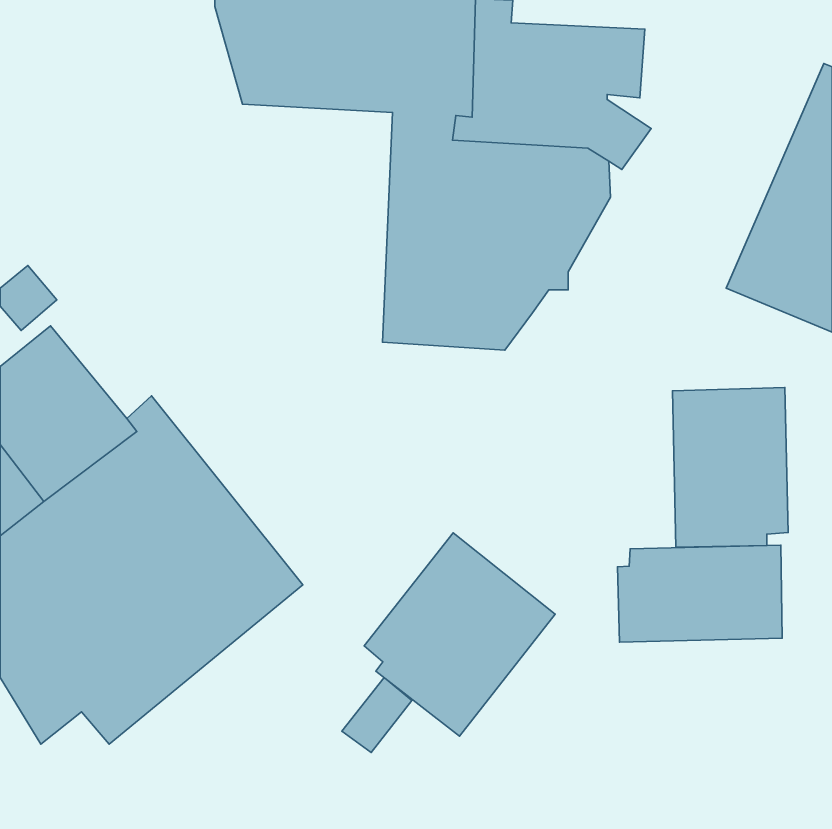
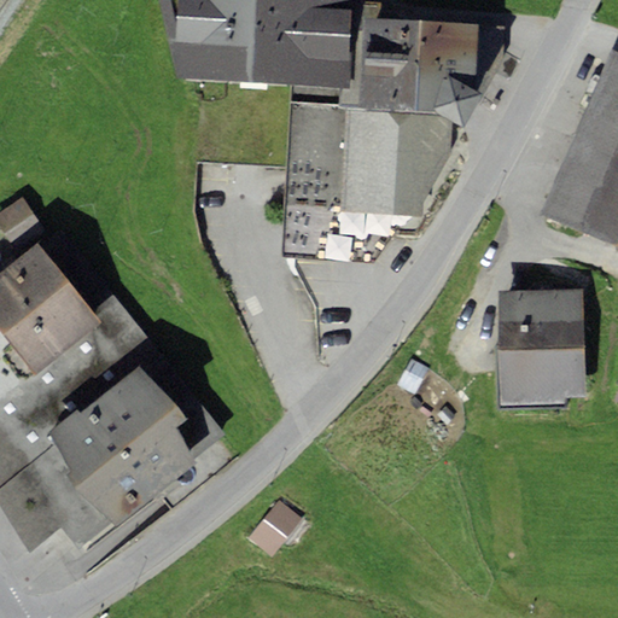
building: [364,533,555,736] -> none
building: [617,545,782,642] -> none

